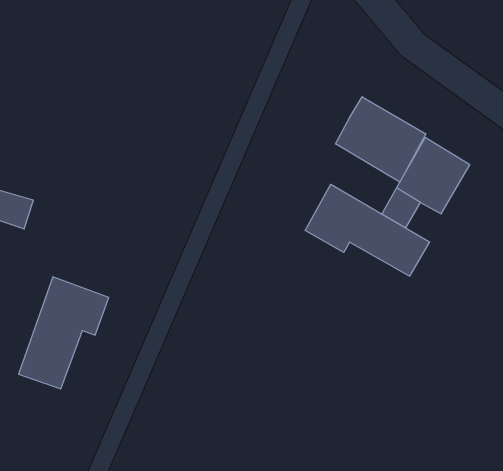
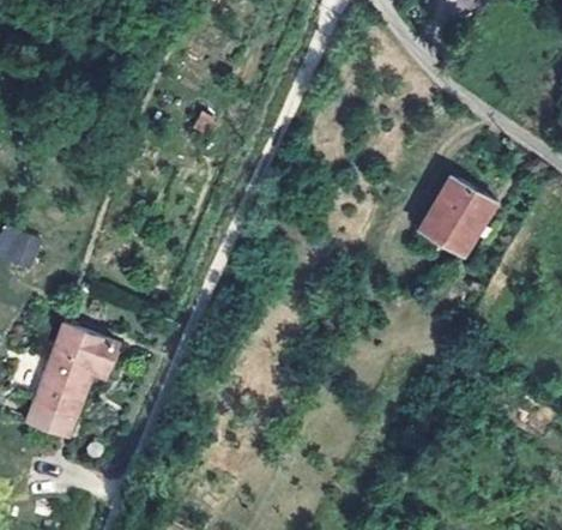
building: [335,97,426,182] -> none
building: [305,184,430,276] -> none

